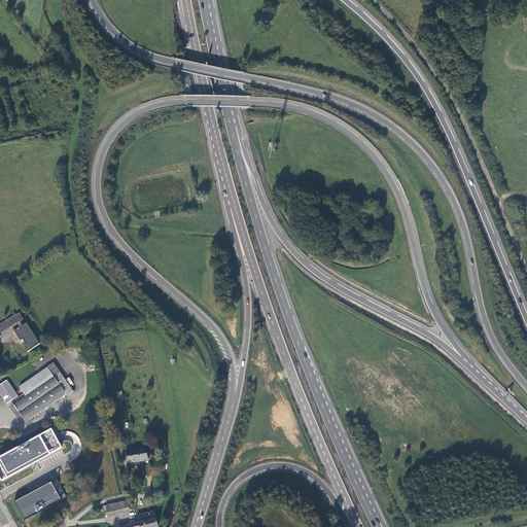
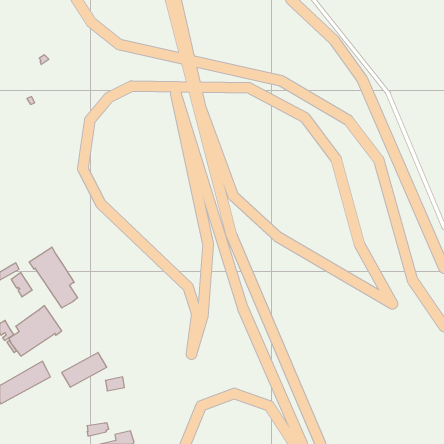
building: none -> [29,247,78,308]
building: [12,478,66,519] -> [62,352,107,387]

